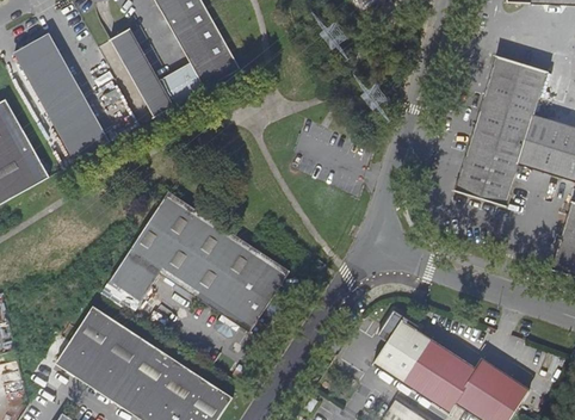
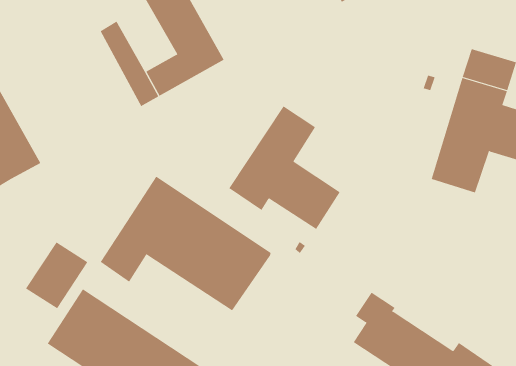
building: [14,33,110,162] -> none
building: none -> [229,106,341,230]
building: none -> [25,241,88,309]

